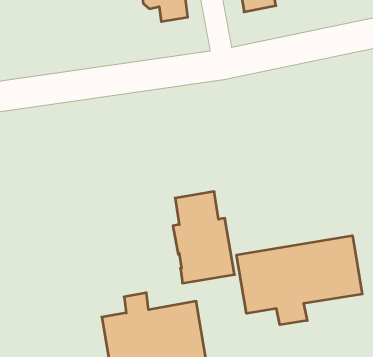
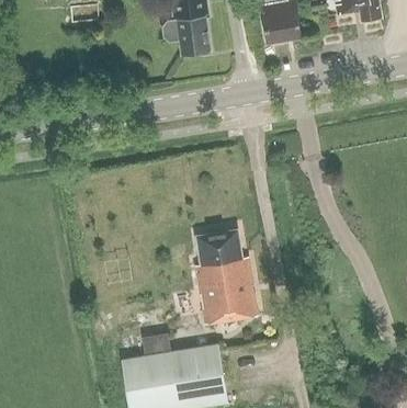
building: [237,236,362,325] -> none

